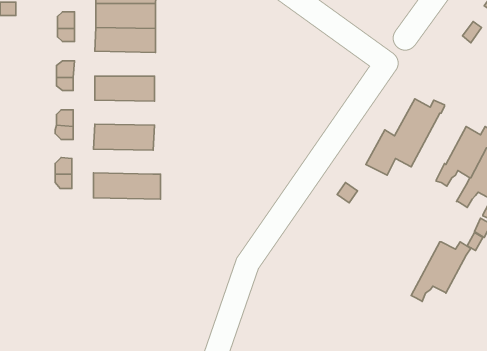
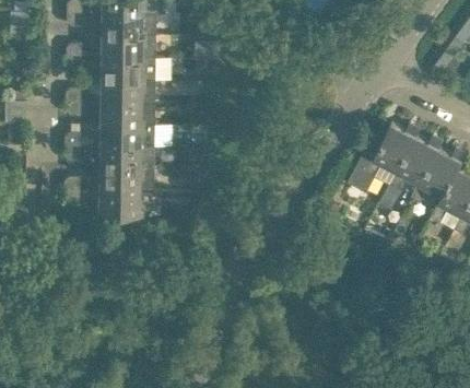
building: none -> [99,82,155,105]
building: none -> [99,127,154,150]
building: none -> [98,172,153,195]
building: [411,242,471,302] -> [389,139,444,193]

